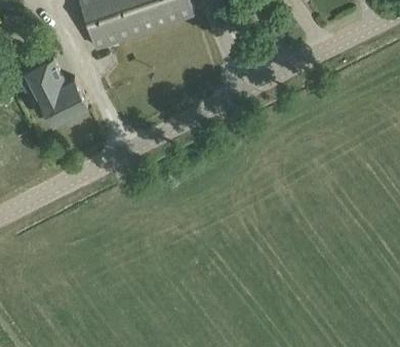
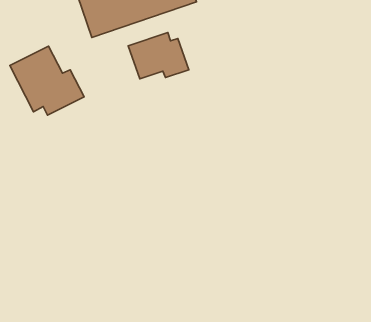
building: none -> [128,32,189,79]

